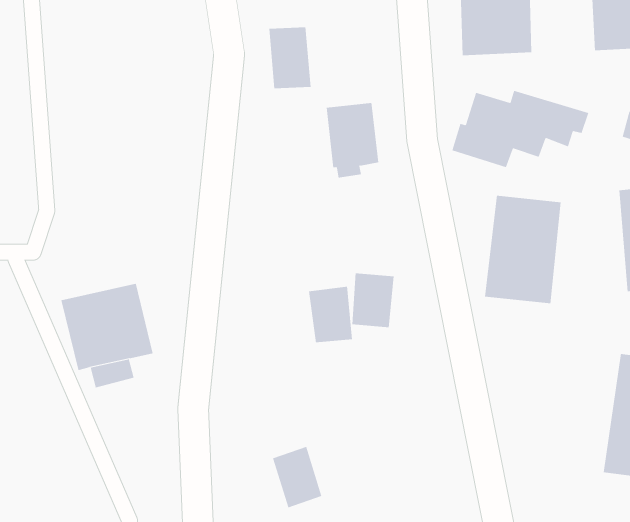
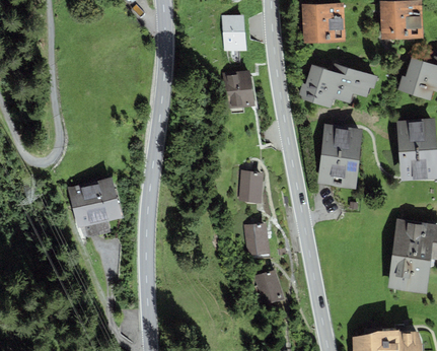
building: [268,27,311,89] -> [222,13,247,50]
building: [308,286,353,343] -> [244,221,271,255]
building: [272,446,322,508] -> [256,268,285,304]

